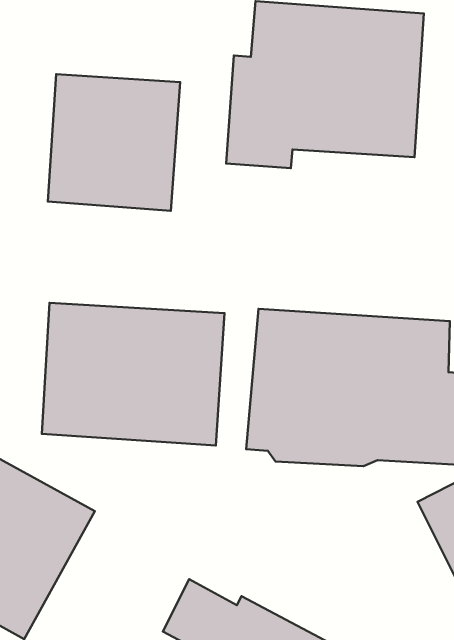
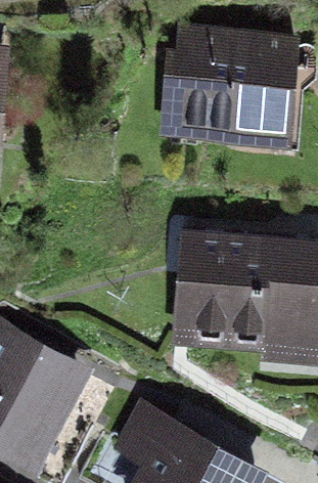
building: [48,74,180,211] -> none
building: [42,303,225,446] -> none

